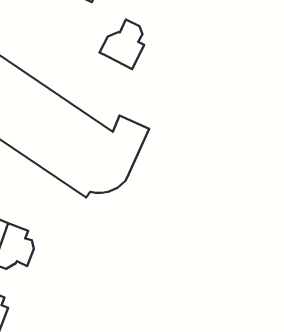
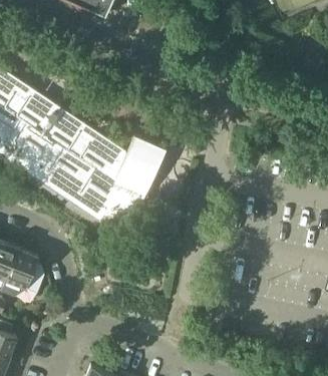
building: [99,19,144,69] -> none

